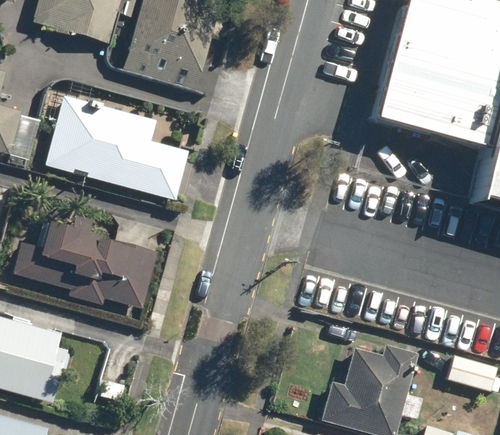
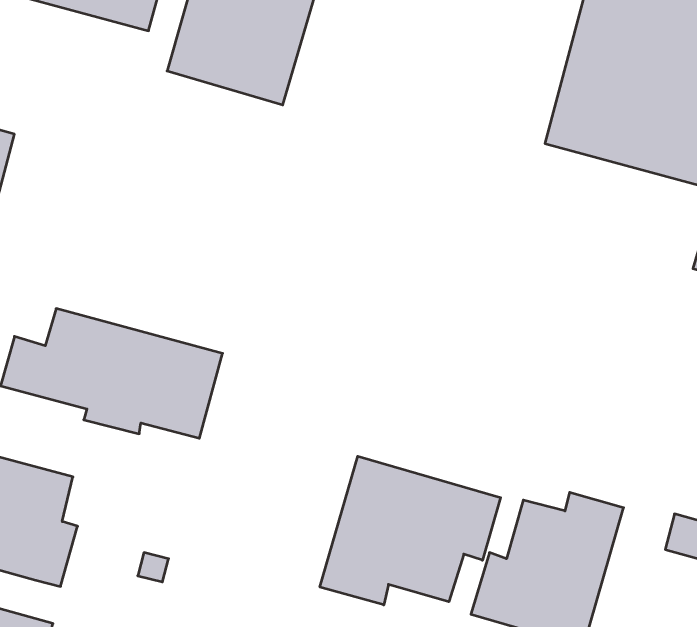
building: [45,95,188,200] -> none
building: none -> [320,456,501,605]

